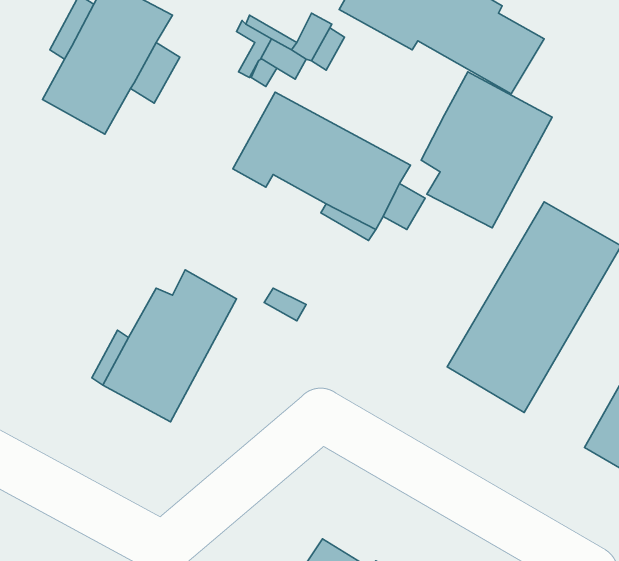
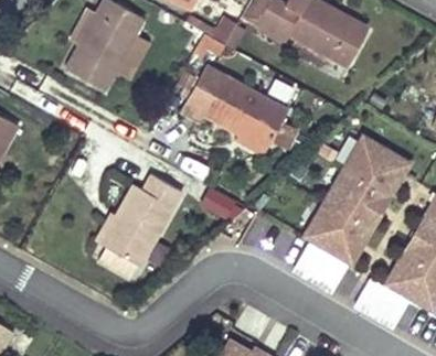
building: [421,72,552,228] -> none

